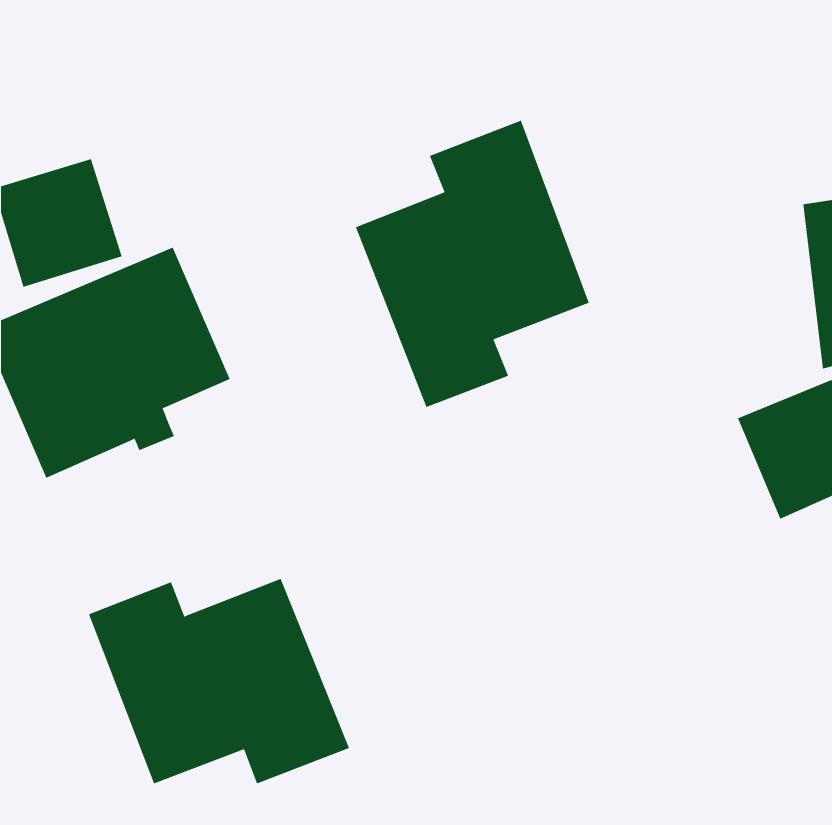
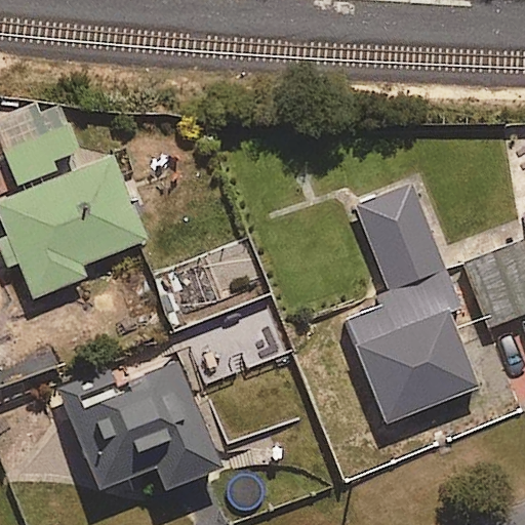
building: [355,120,590,408] -> none
building: none -> [344,184,489,425]

